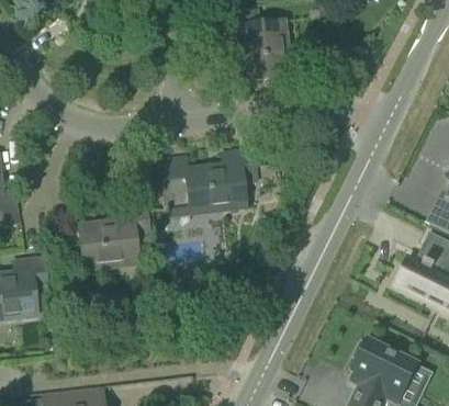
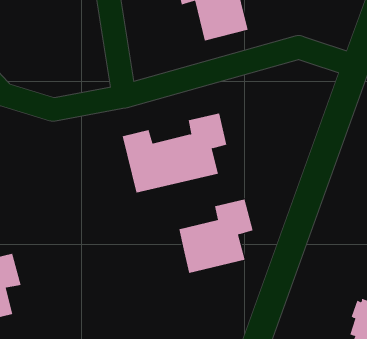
building: [80,204,150,268] -> [178,199,254,274]

